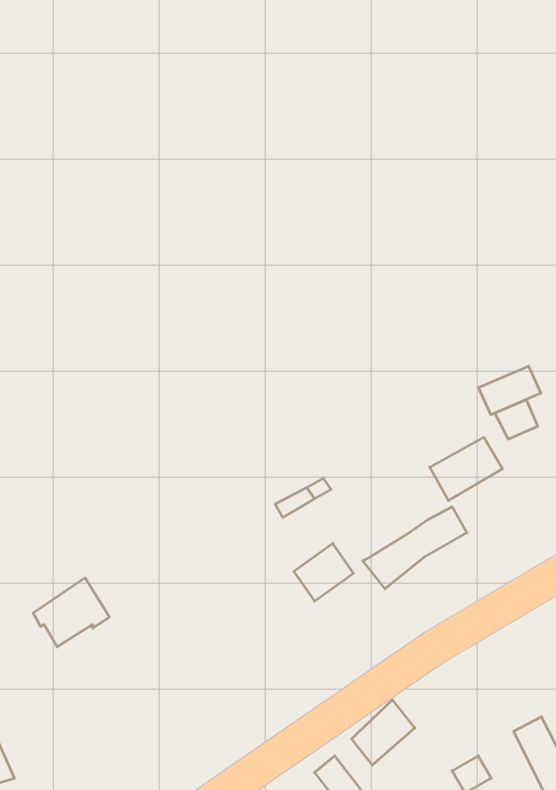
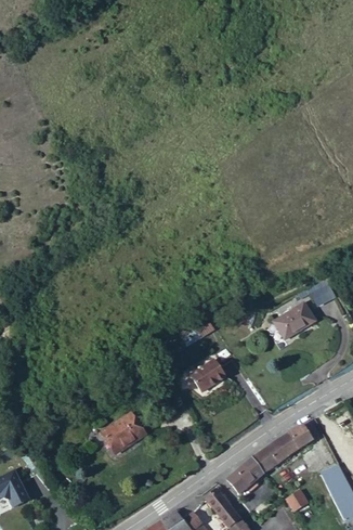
building: [478,366,541,415] -> none
building: [363,507,467,589] -> [250,424,311,471]
building: [33,578,109,647] -> [100,411,144,451]

